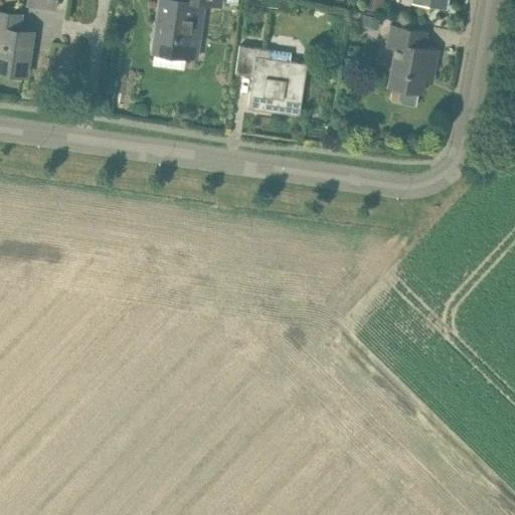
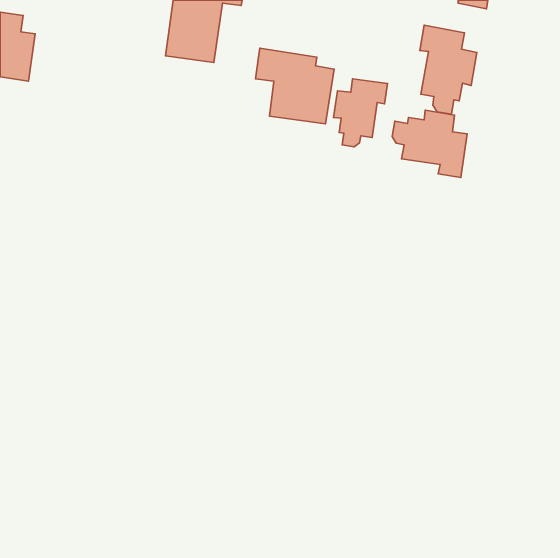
building: none -> [333,79,388,147]
building: none -> [392,110,467,178]

